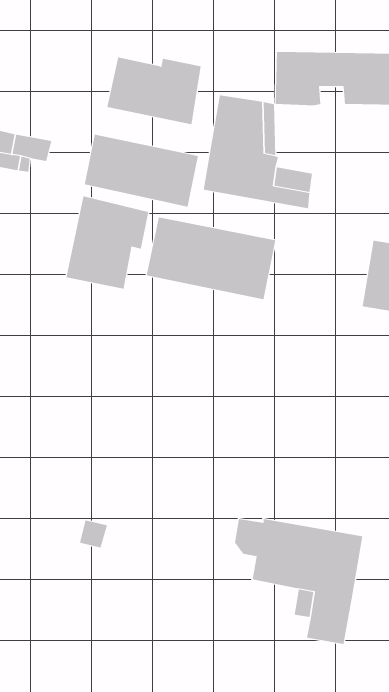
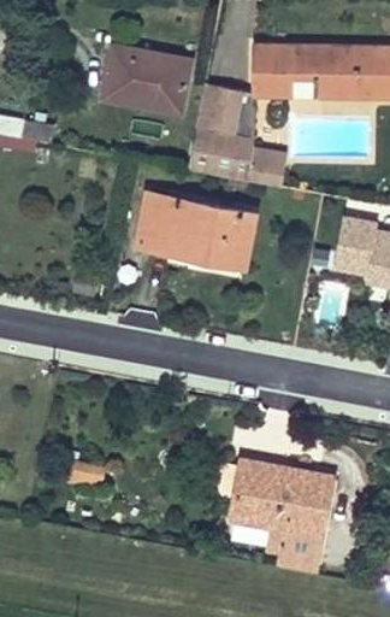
building: [84,134,199,207] -> none
building: [66,195,149,289] -> none

